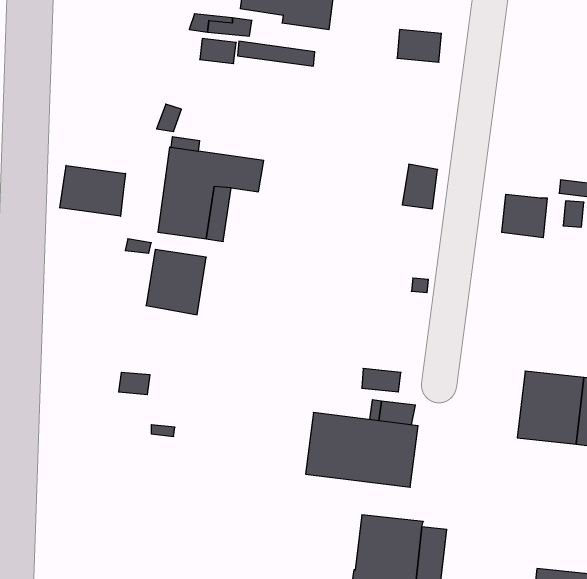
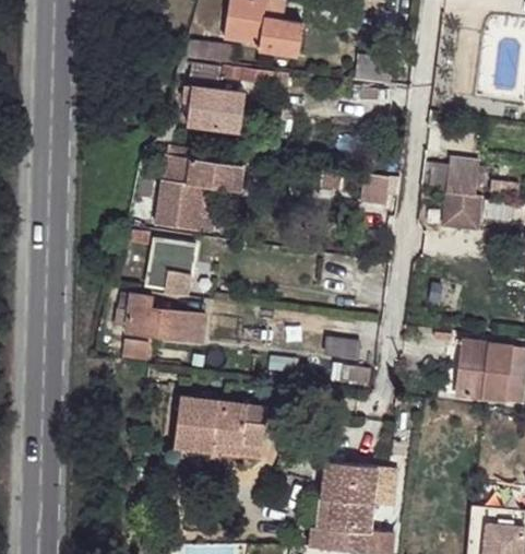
building: none -> [183,85,246,132]
building: none -> [445,161,478,197]
building: [60,165,125,216] -> none
building: none -> [115,294,205,342]
building: [306,413,418,487] -> [174,397,267,459]

